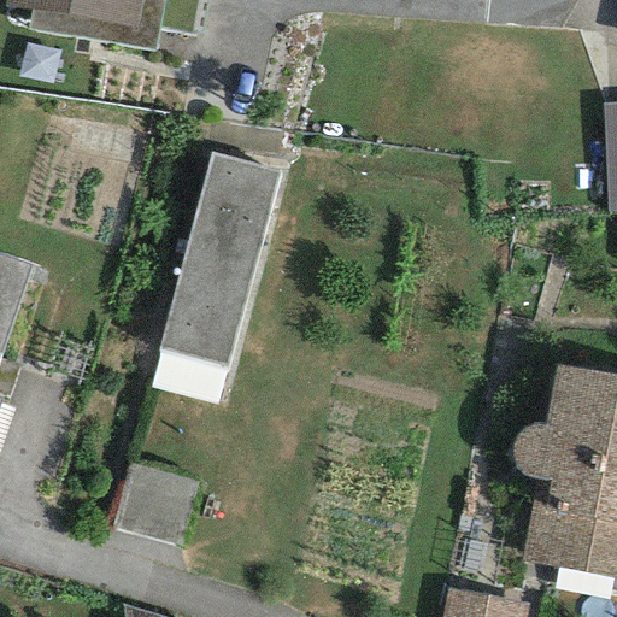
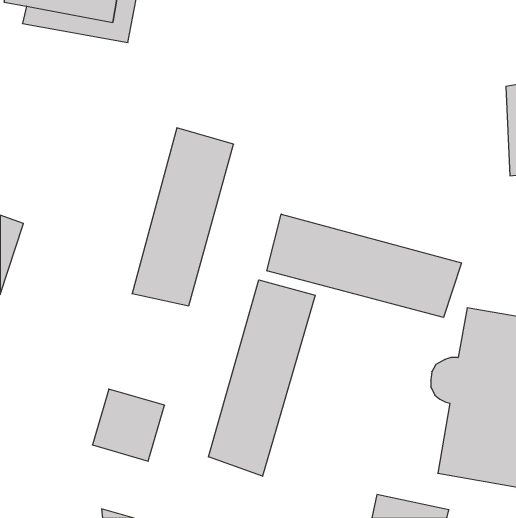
building: none -> [267,214,462,317]
building: none -> [208,280,315,476]

